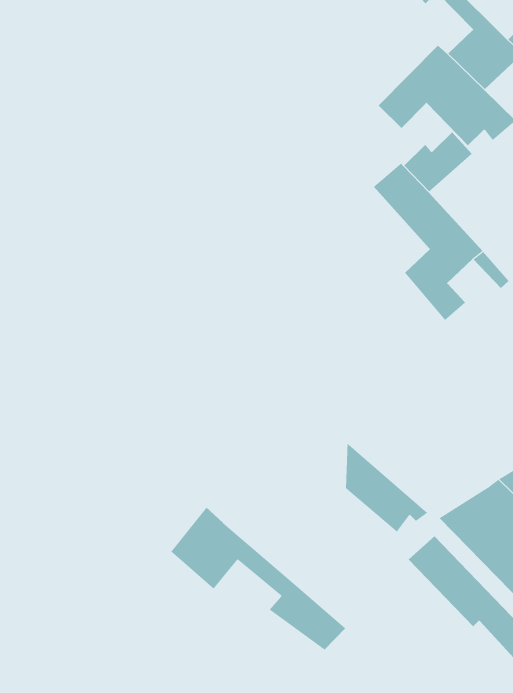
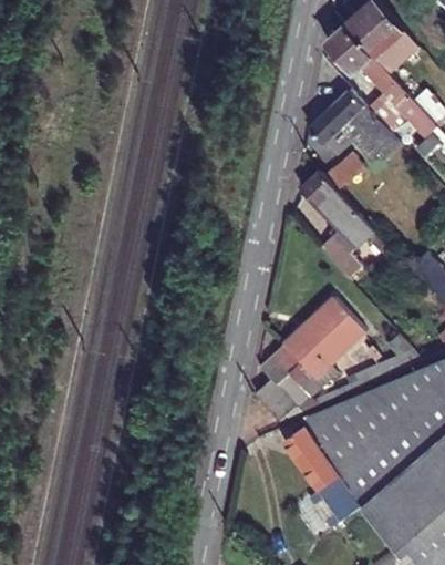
building: none -> [273,312,355,383]
building: [171,507,346,650] -> none

